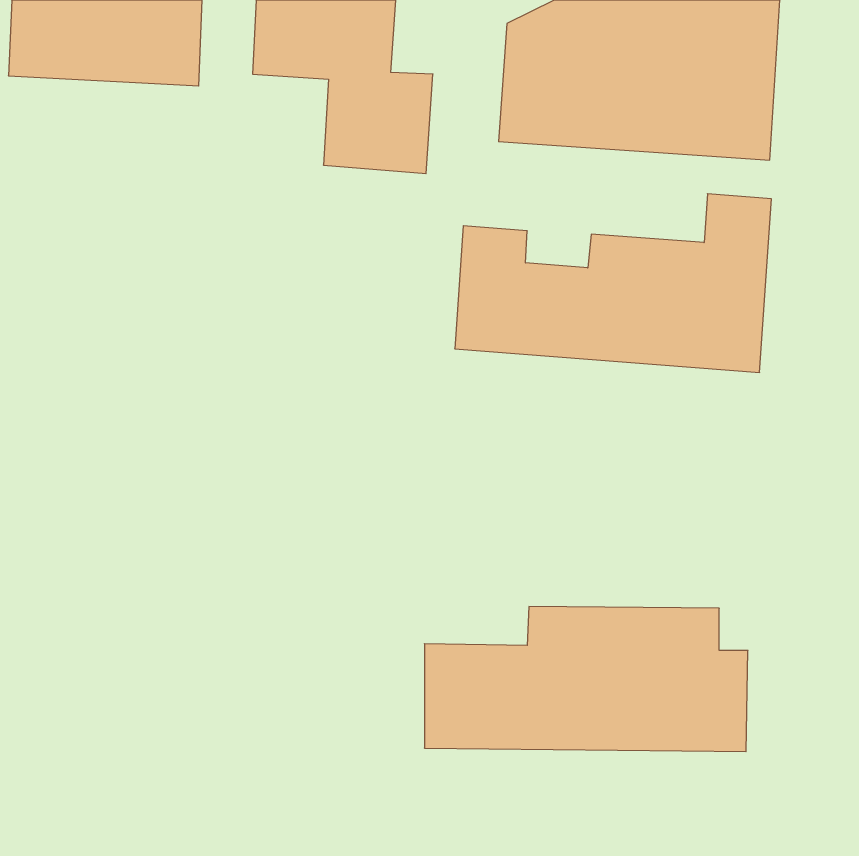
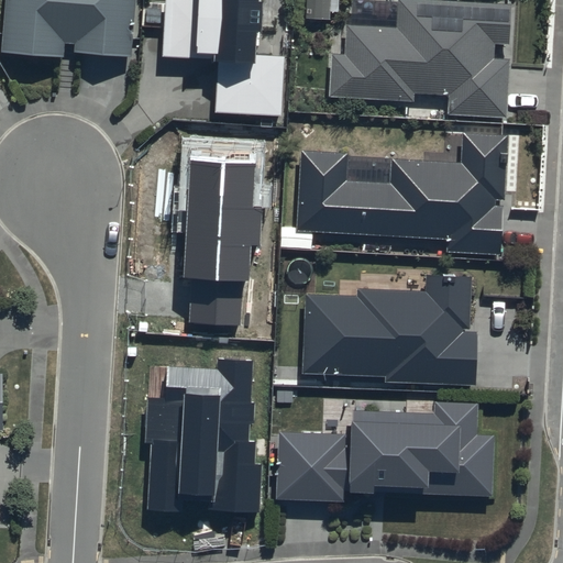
building: none -> [181,157,261,329]
building: none -> [302,274,476,376]
building: none -> [145,362,262,517]

